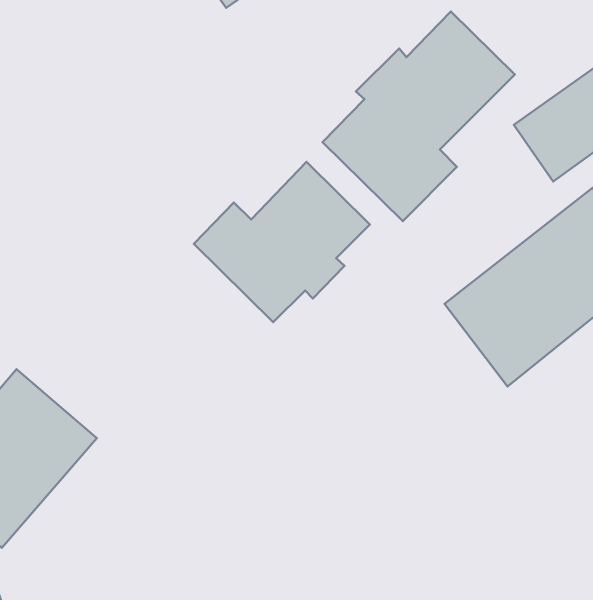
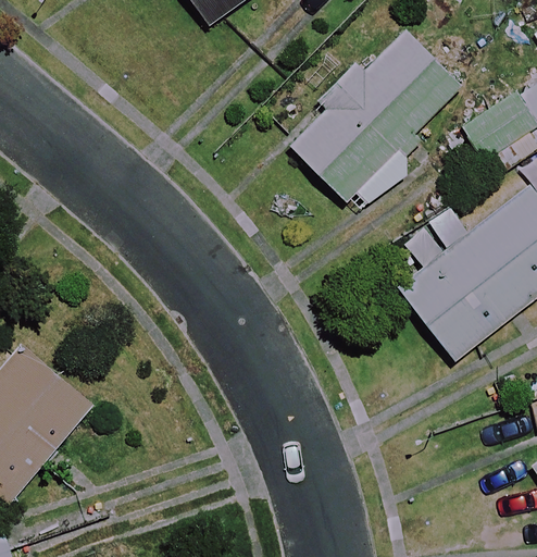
building: [194,162,370,322] -> none

